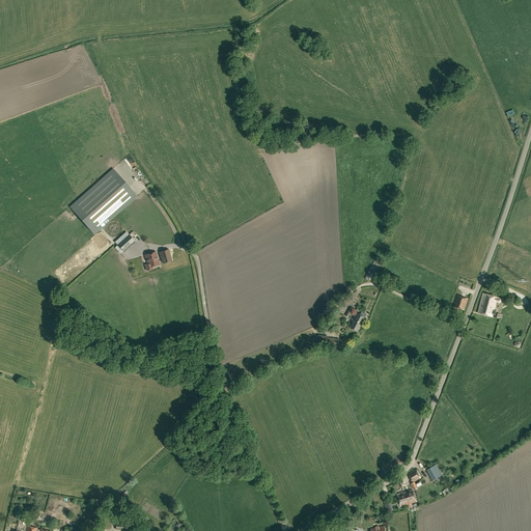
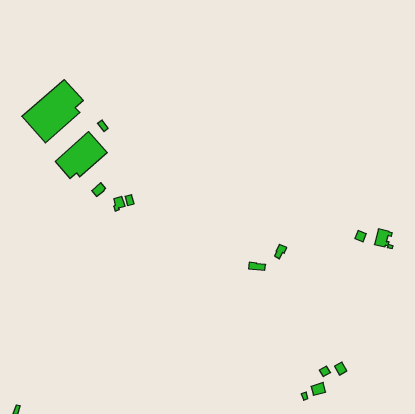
building: none -> [22,80,83,143]

